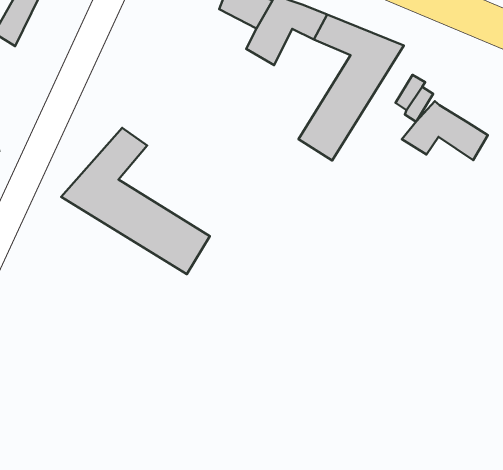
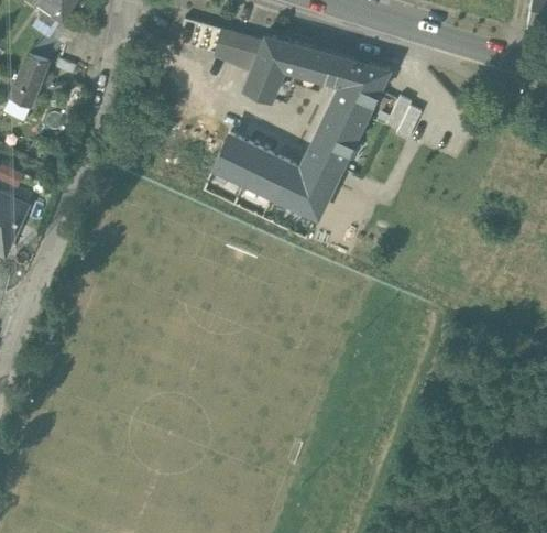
building: none -> [215,135,333,217]
building: [402,101,488,160] -> none
building: [61,128,210,274] -> none

